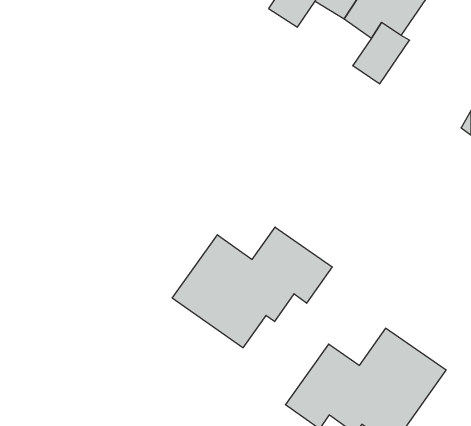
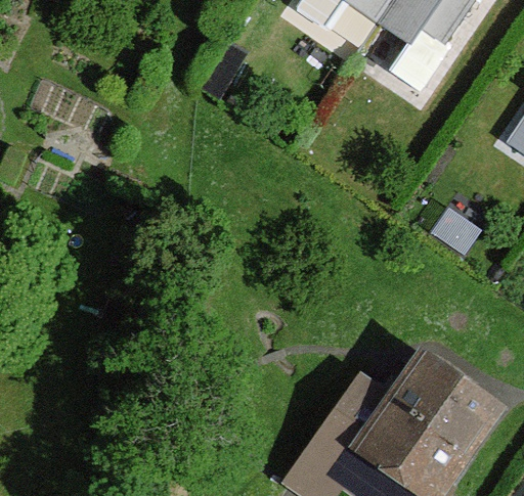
building: [172,227,332,348] -> none

